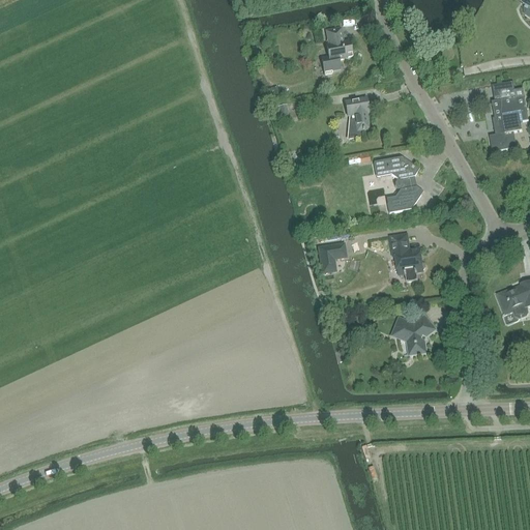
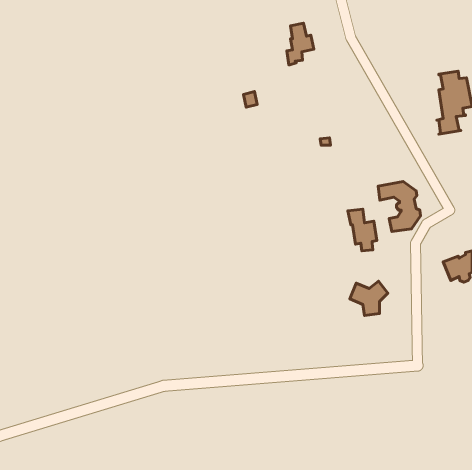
building: [344,96,369,137] -> none
building: [373,155,420,211] -> [378,182,421,232]
building: [318,243,345,271] -> none

